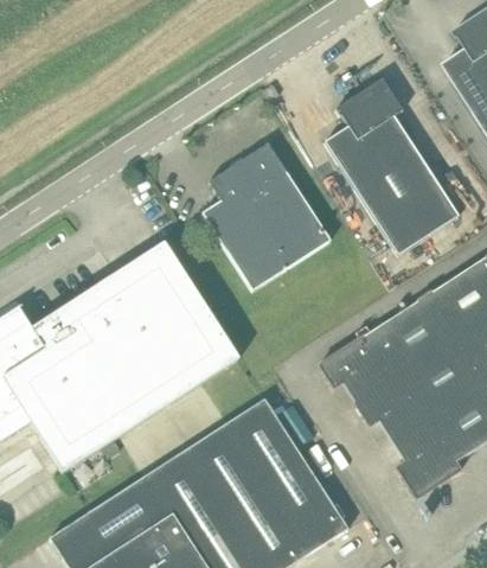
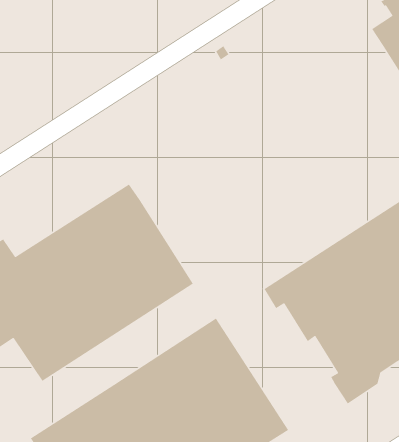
building: [323,78,459,255] -> none
building: [201,142,331,289] -> none

